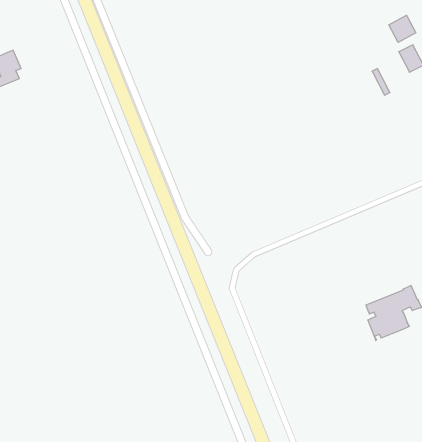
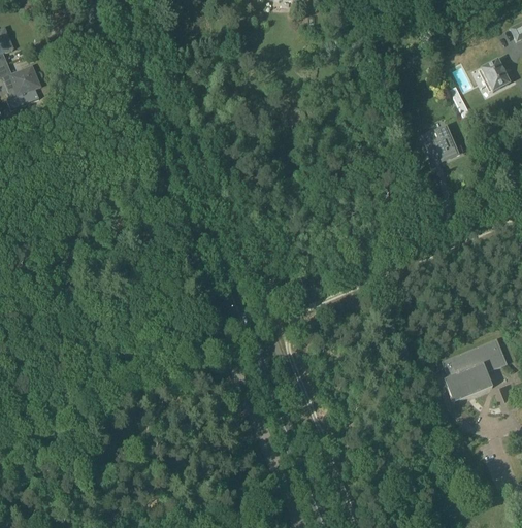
building: [389,15,416,42] -> none
building: none -> [425,128,462,163]

